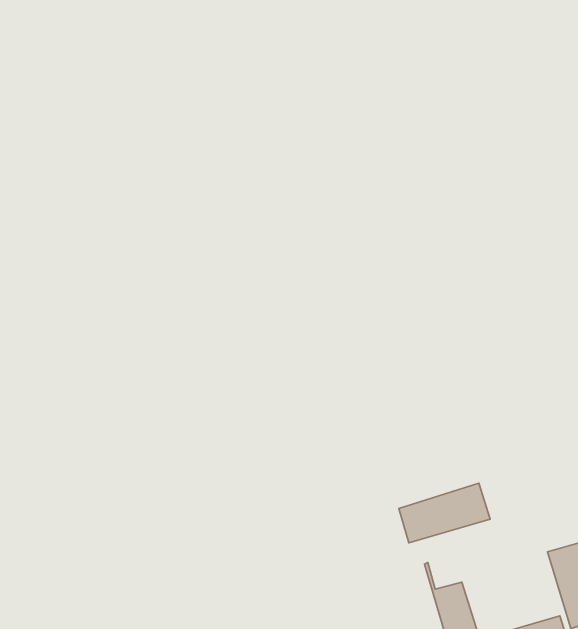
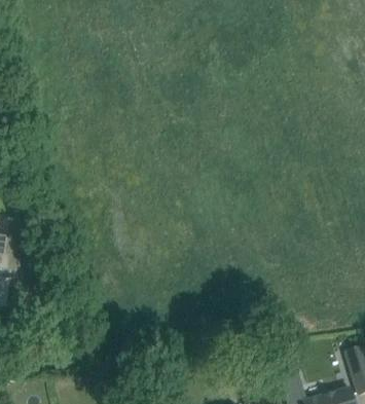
building: [399,483,490,543] -> none

